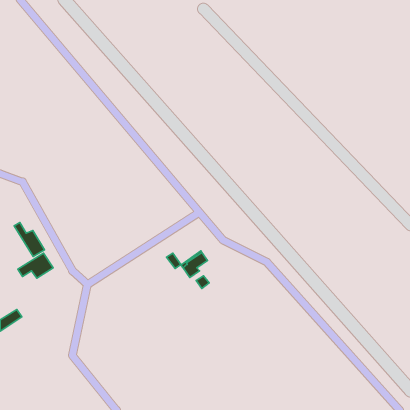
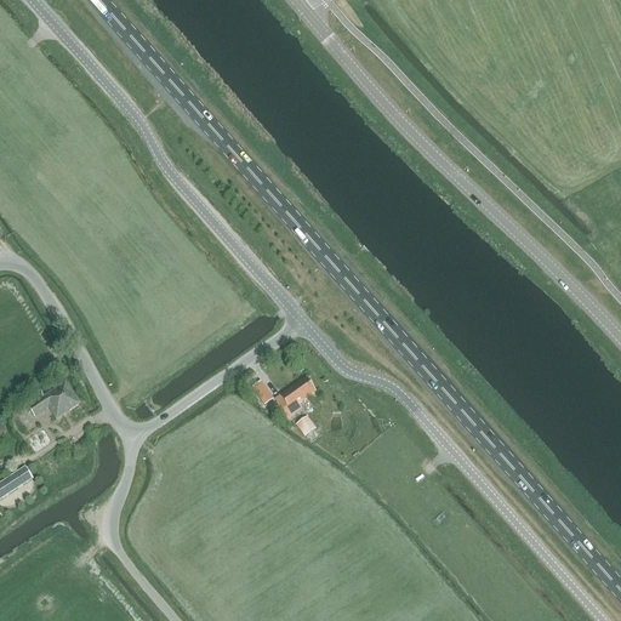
building: [14,223,45,256] -> none

